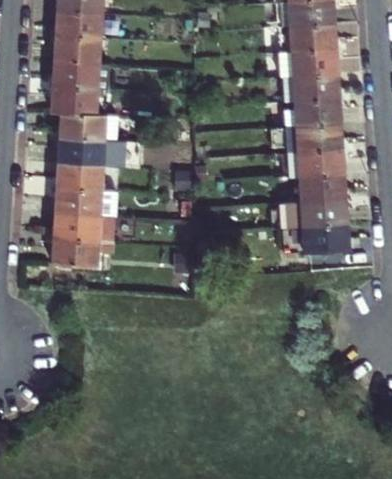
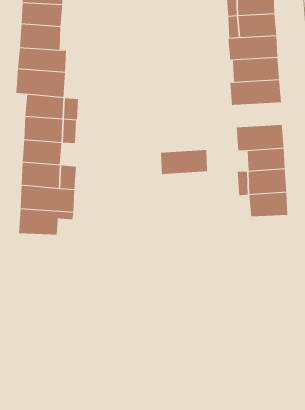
building: [289,118,341,145] -> [160,150,208,174]

